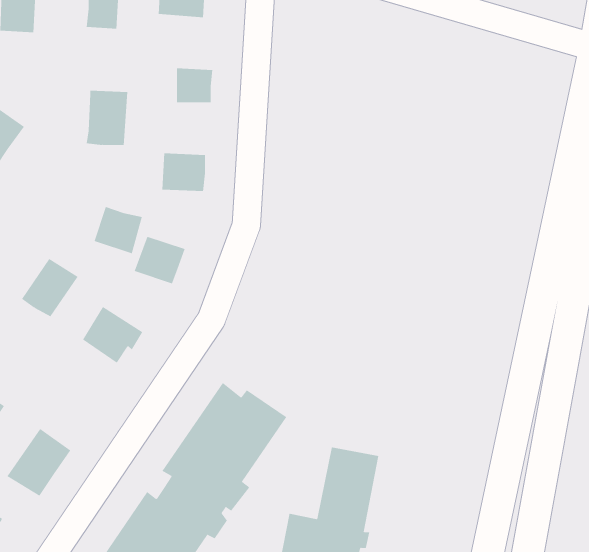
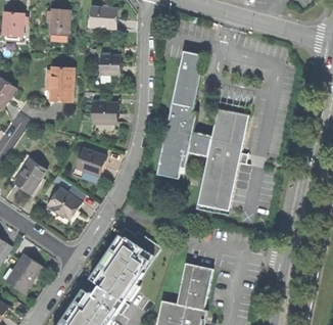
building: none -> [154,51,247,212]
building: [94,206,142,254] -> none

